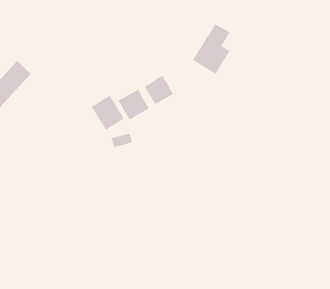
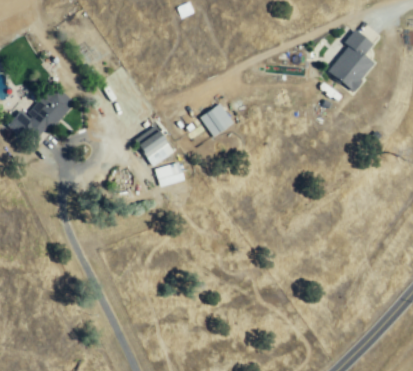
building: [192,23,230,74] -> [330,33,372,89]
building: [118,89,149,120] -> none

